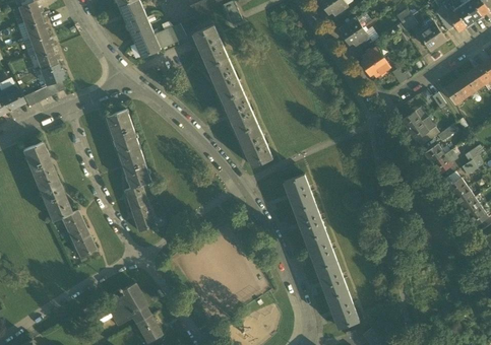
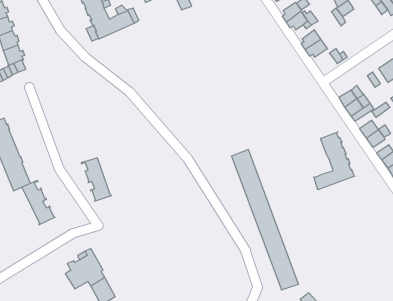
building: [419,23,447,51] -> none
building: [194,24,272,166] -> none
building: [108,109,151,188] -> none
building: none -> [314,132,355,190]

